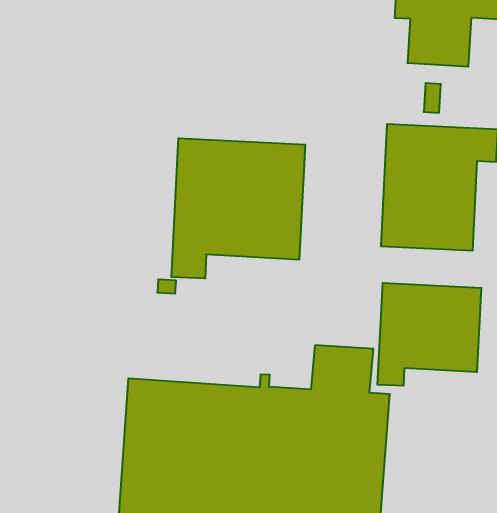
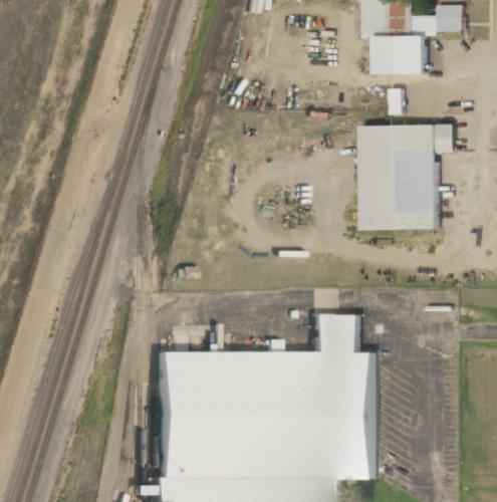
building: [172,138,305,279] -> none
building: [377,283,481,386] -> none

